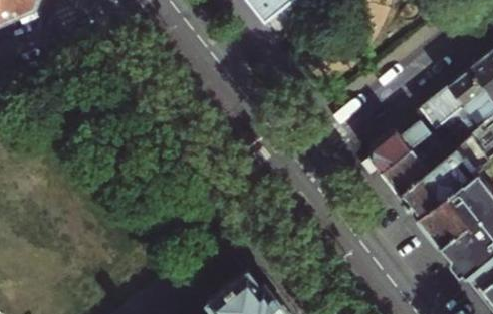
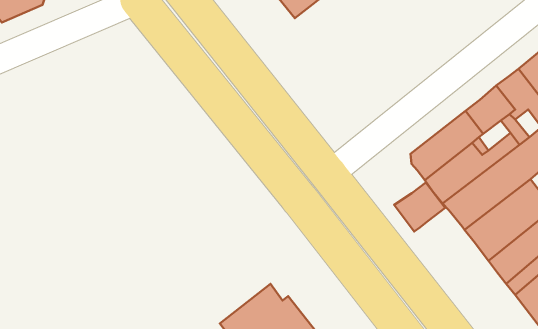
building: none -> [394,183,445,232]

